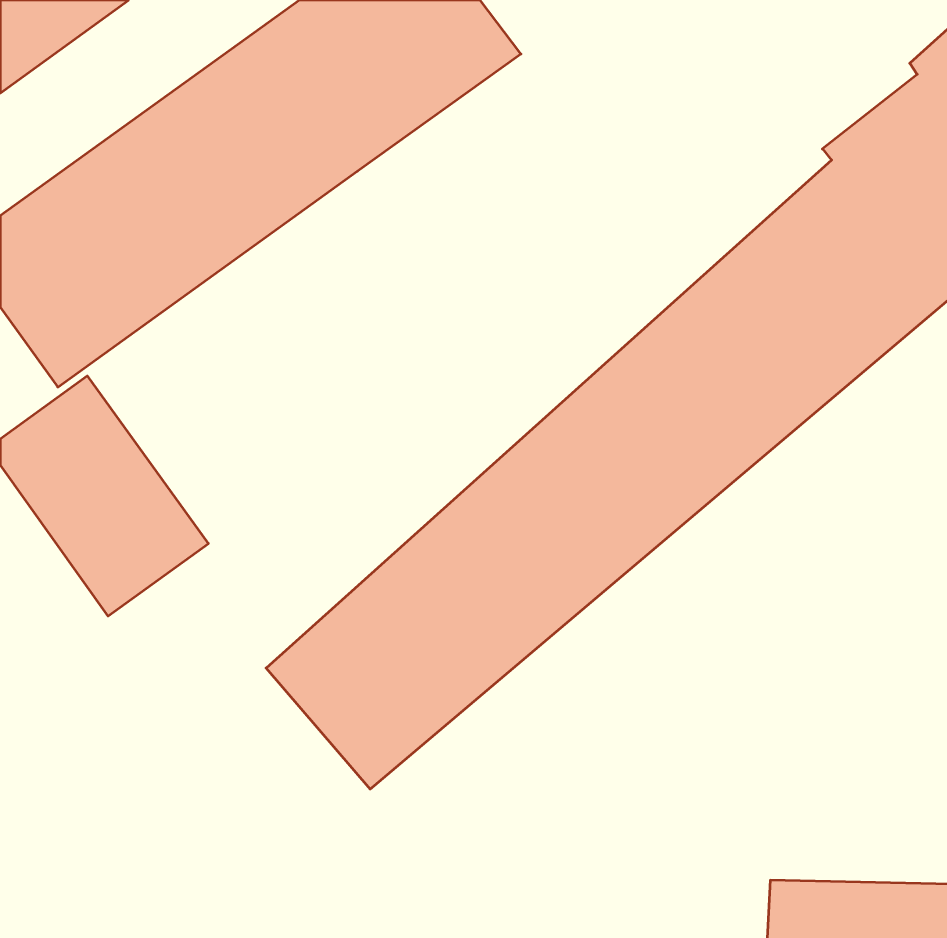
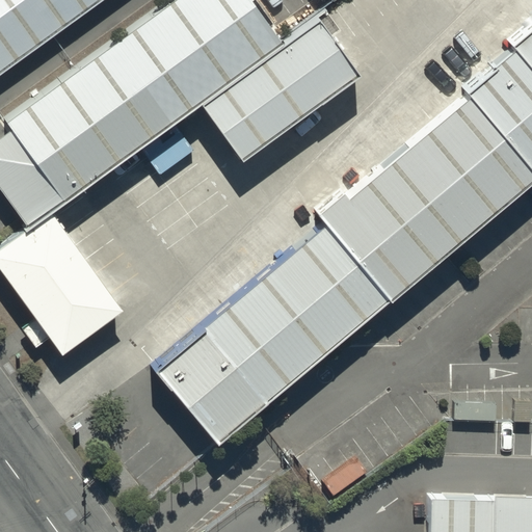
building: none -> [202,19,364,163]

